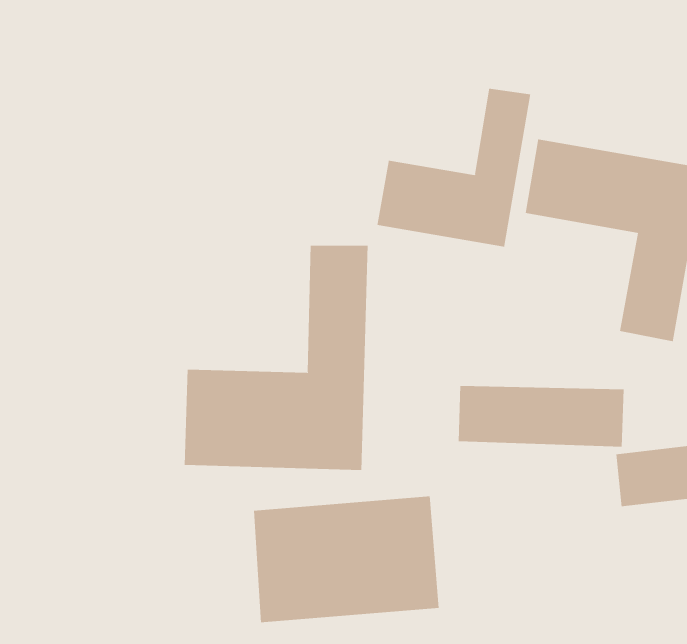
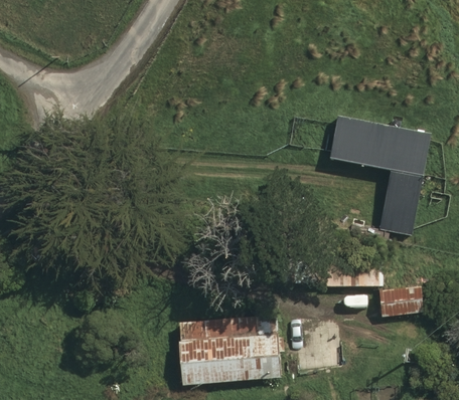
building: [377,88,531,248] -> none
building: [184,245,368,471] -> none

